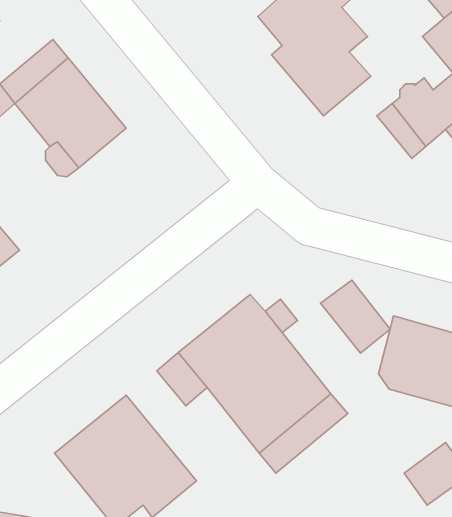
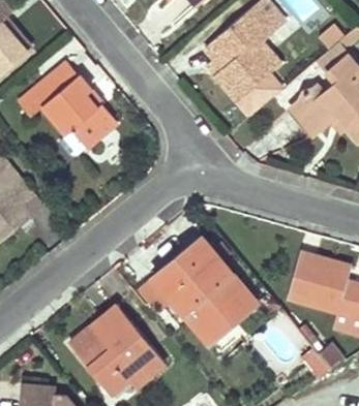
building: [321,280,390,353] -> none

